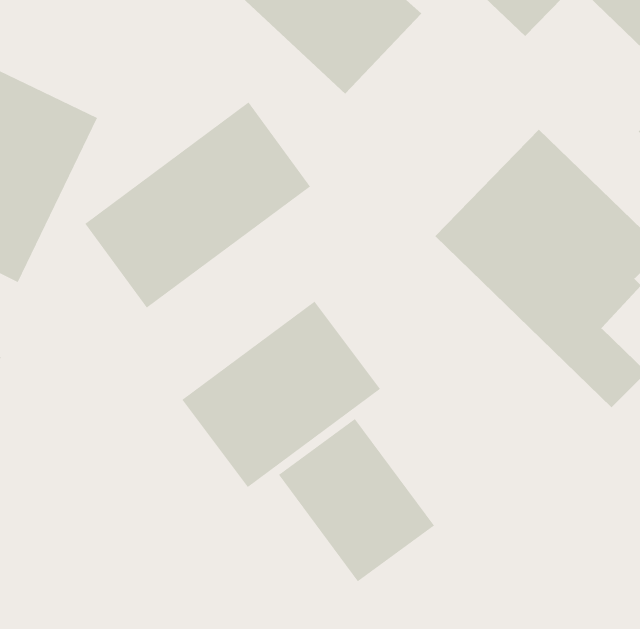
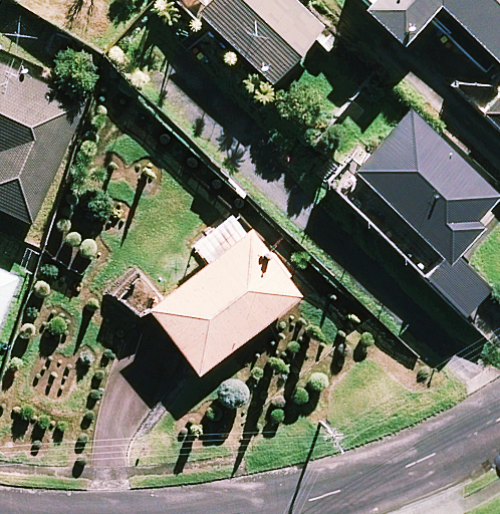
building: [84,102,311,309] -> none
building: [278,418,435,582] -> none

